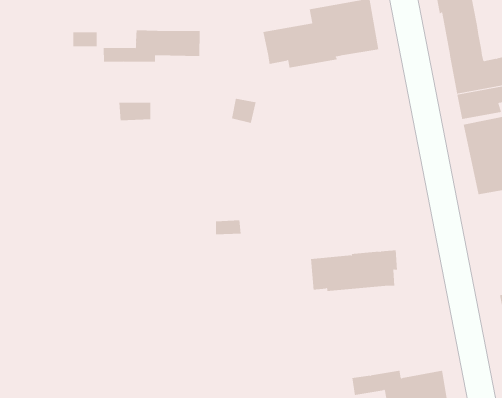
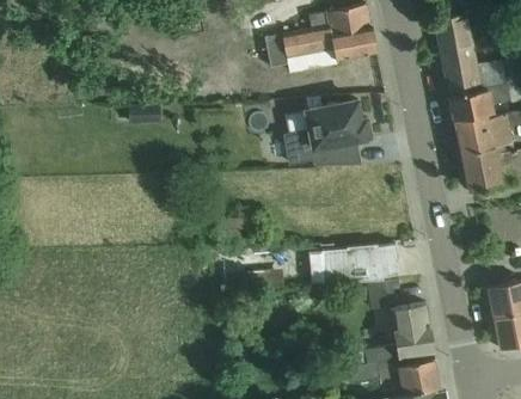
building: [103,30,200,63] -> none
building: none -> [284,100,369,164]
building: none -> [364,280,434,364]

